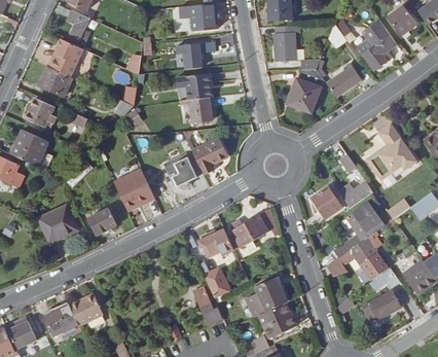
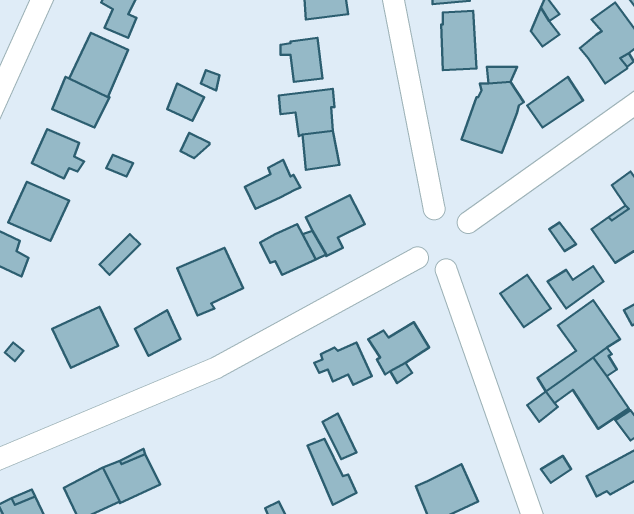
building: none -> [245,160,300,209]
building: [255,278,287,312] -> none

